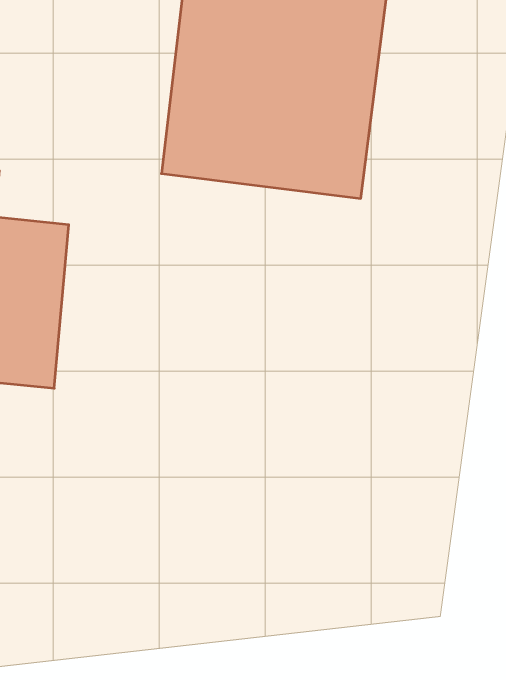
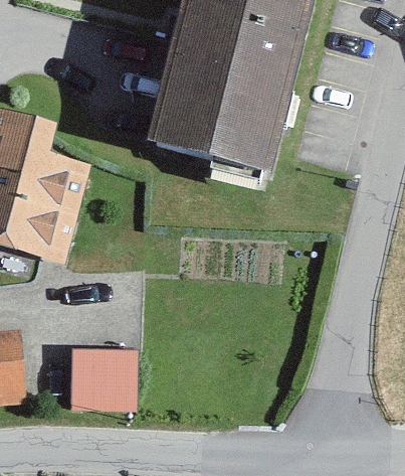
building: none -> [62,353,121,416]

